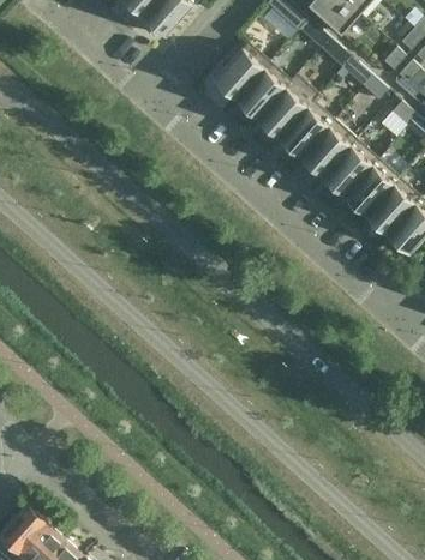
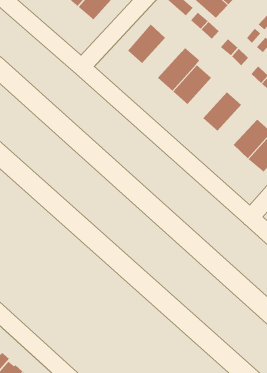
building: [234,62,291,120] -> none
building: [299,120,355,177] -> none
building: [342,158,399,216] -> none

